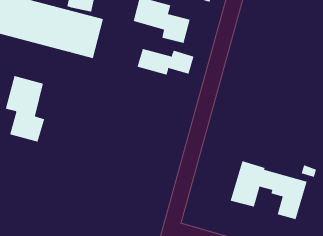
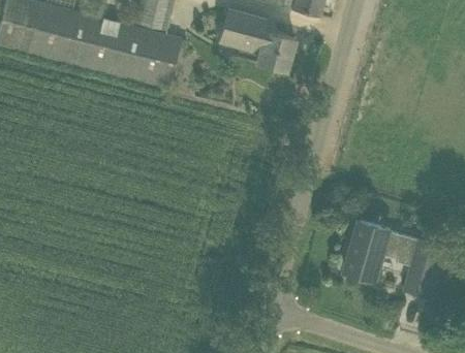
building: [137,48,194,76] -> none
building: [5,75,45,142] -> none

